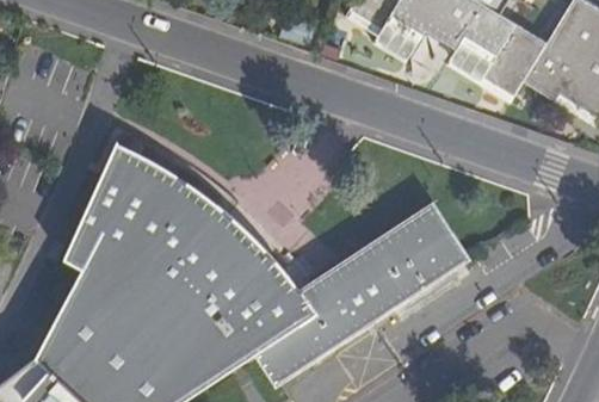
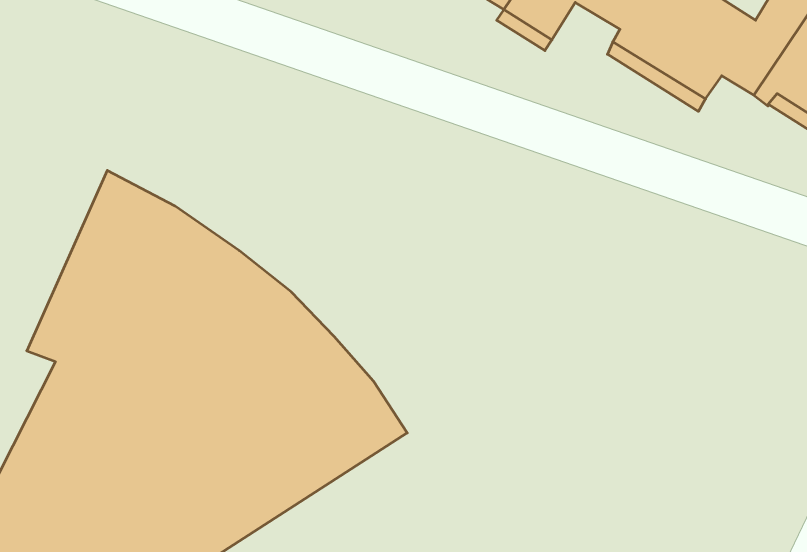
building: [259,202,475,386] -> none

